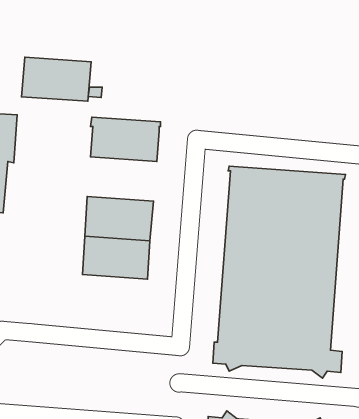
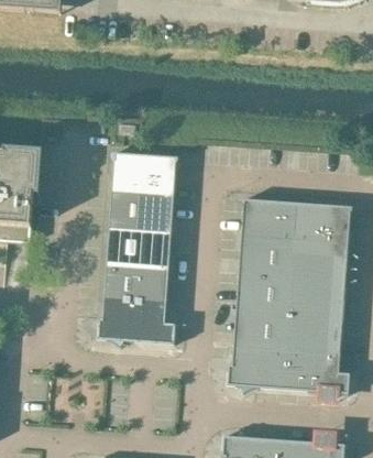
building: [21,57,91,101] -> [109,189,175,231]
building: none -> [98,301,176,346]

